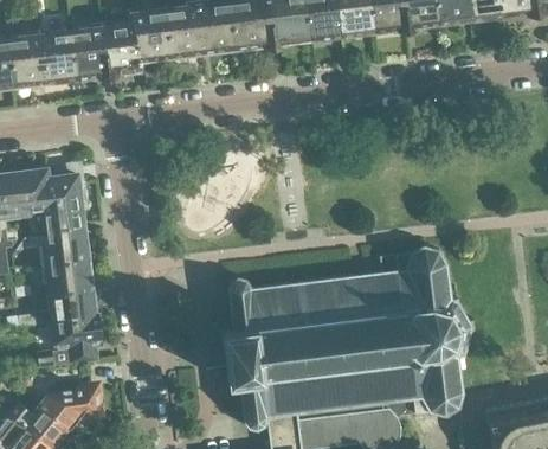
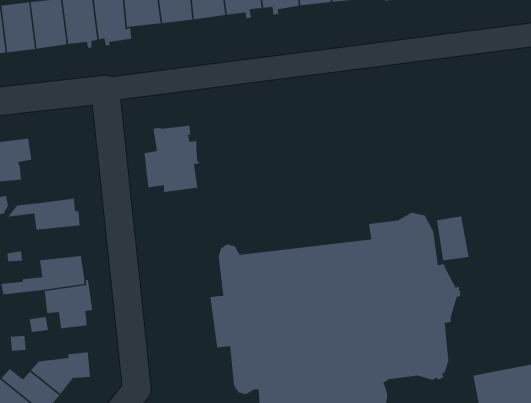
building: [28,166,86,235] -> [143,125,201,193]
building: none -> [436,215,470,261]
building: [45,258,92,293] -> none

